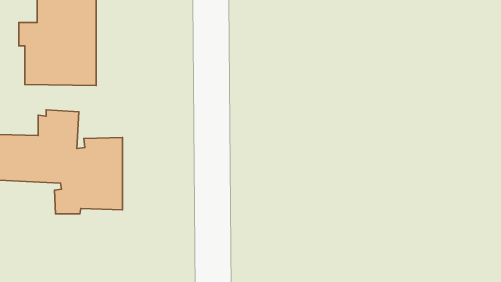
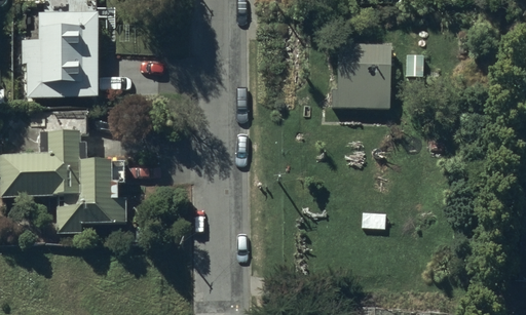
building: none -> [330,36,392,107]

